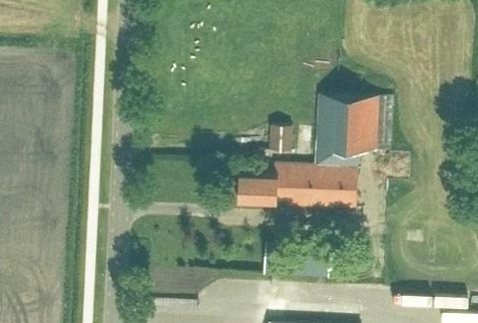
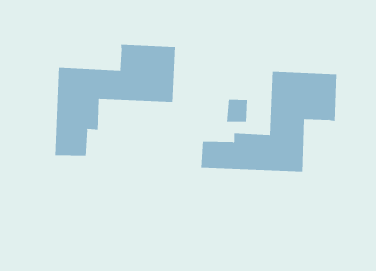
building: none -> [55,44,176,157]

